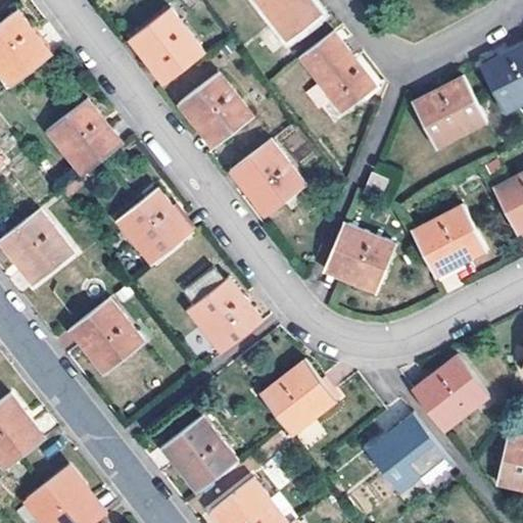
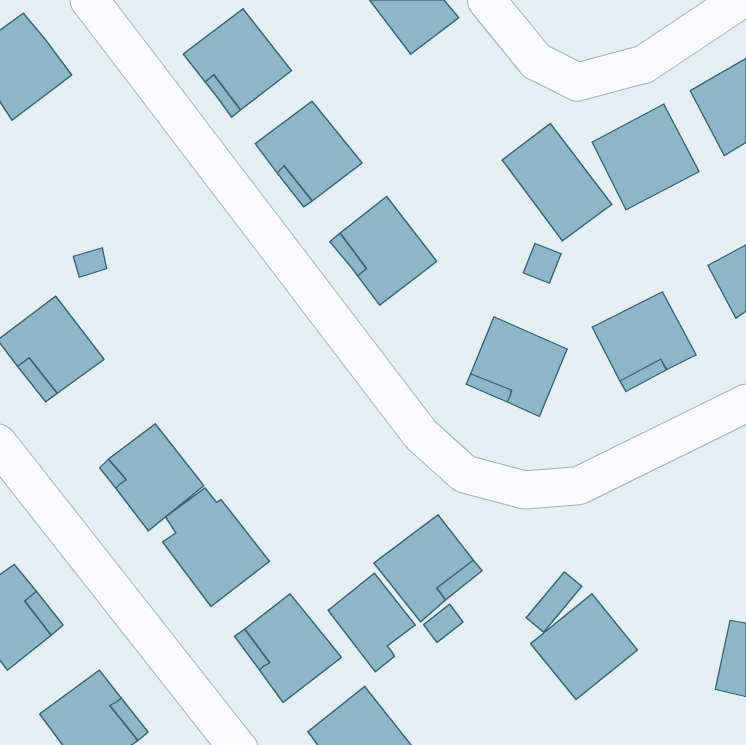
building: [299,31,376,112] -> [502,124,612,241]
building: [46,101,123,177] -> none
building: [116,189,193,266] -> none
building: [189,271,264,353] -> [163,488,270,607]
building: [414,356,488,431] -> none
building: none -> [328,573,415,672]

